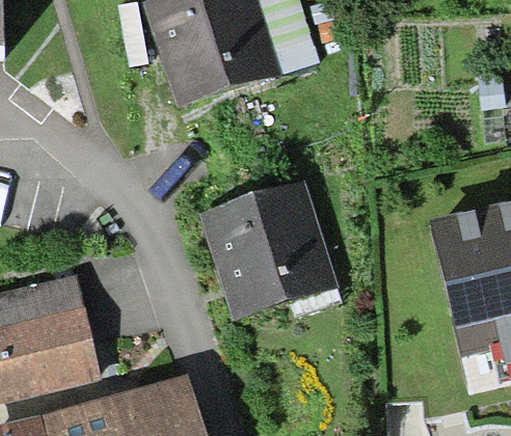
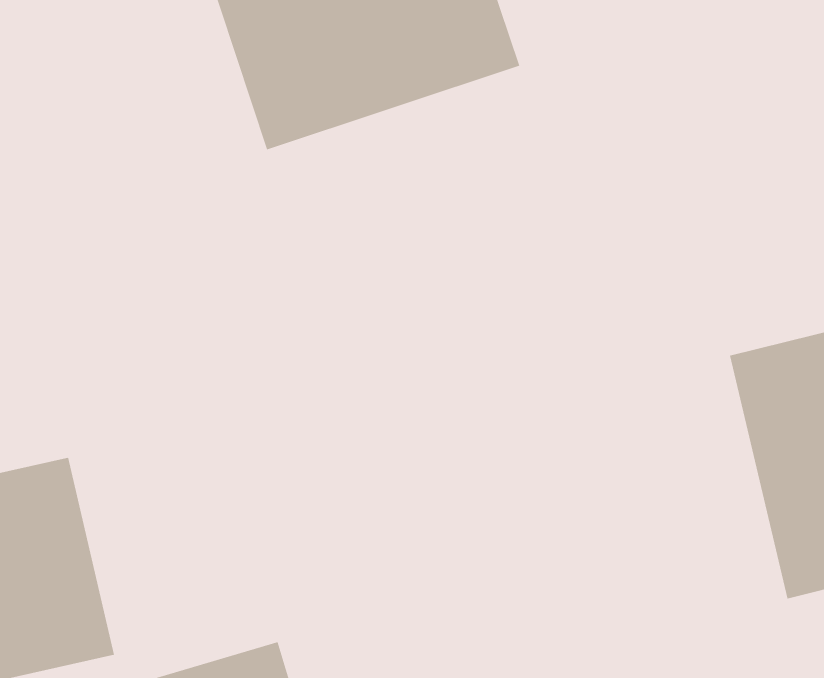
building: [198,183,337,320] -> none

